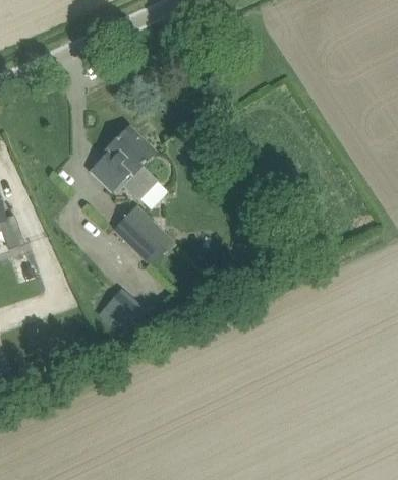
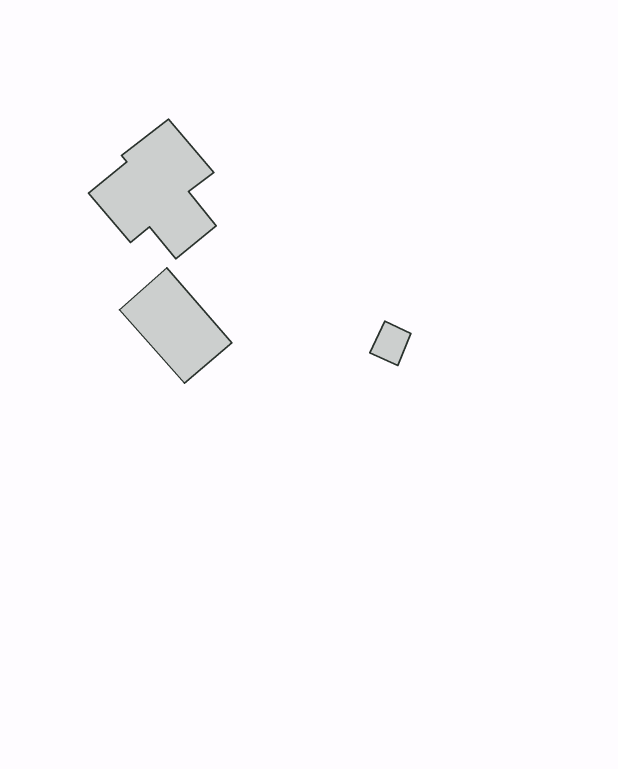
building: [101,292,144,335] -> none

